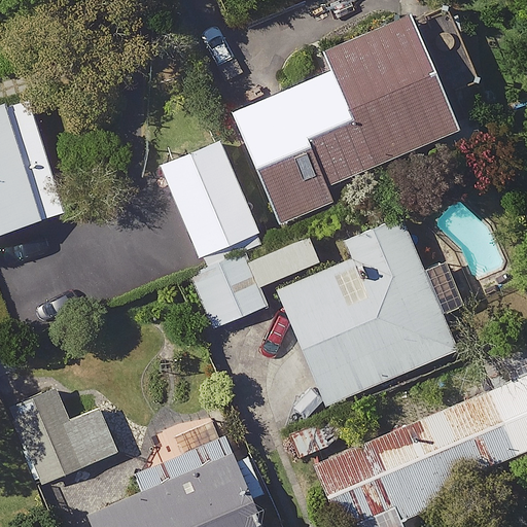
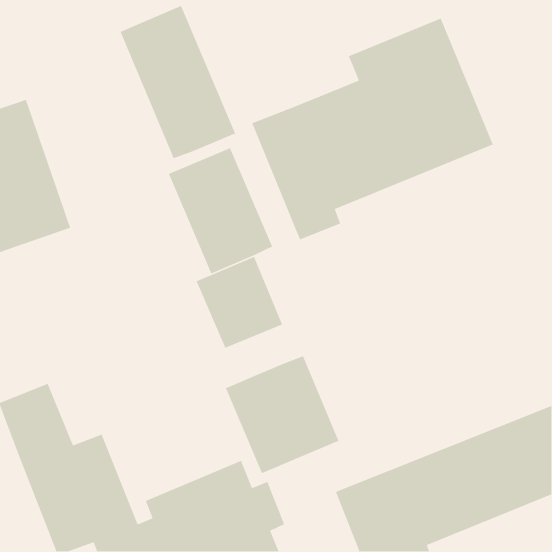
building: none -> [119,5,236,159]
building: [277,213,455,405] -> none
building: none -> [225,355,339,474]

